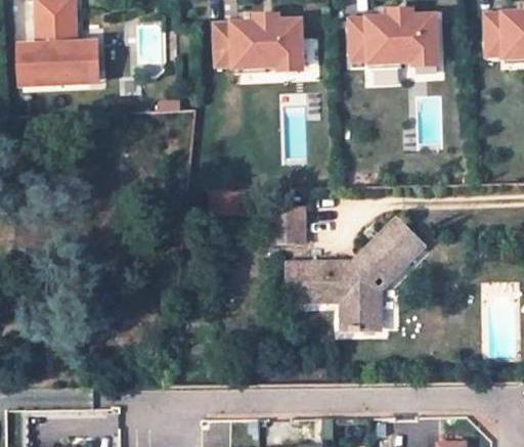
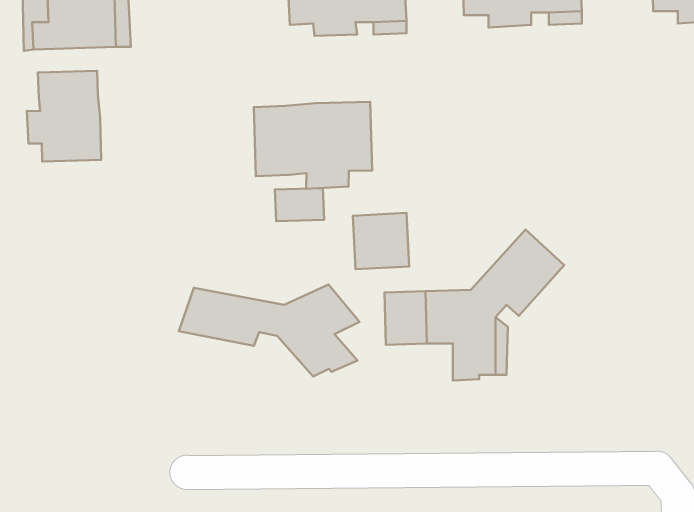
building: none -> [27,71,101,161]
building: none -> [254,102,372,189]
building: none -> [179,284,360,377]

